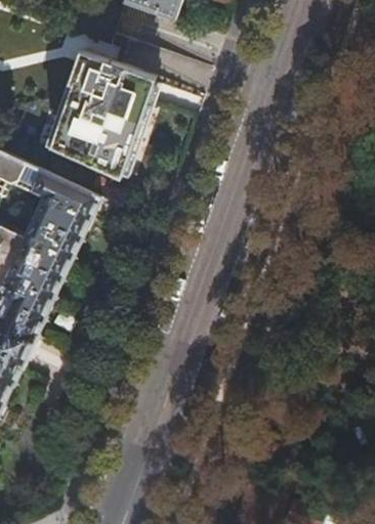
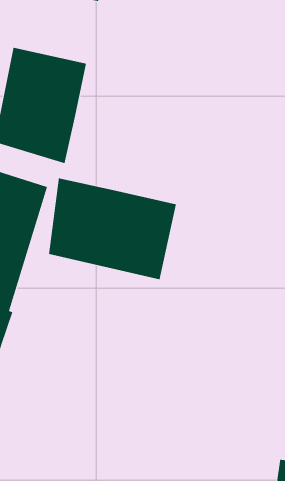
building: none -> [49,178,177,280]

